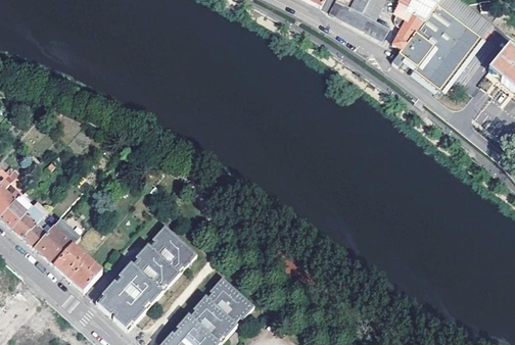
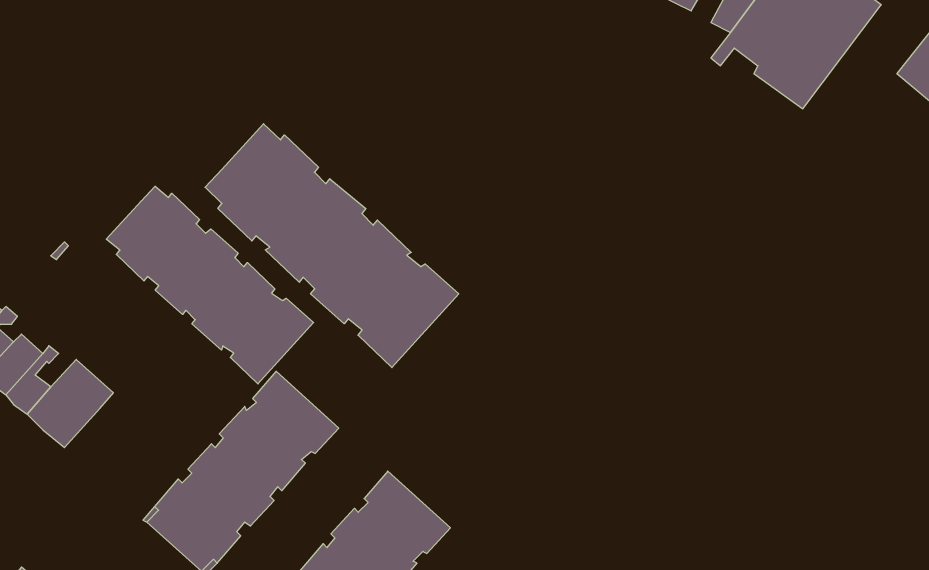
building: none -> [205,124,459,368]
building: none -> [106,186,314,384]
building: [54,244,102,291] -> none

